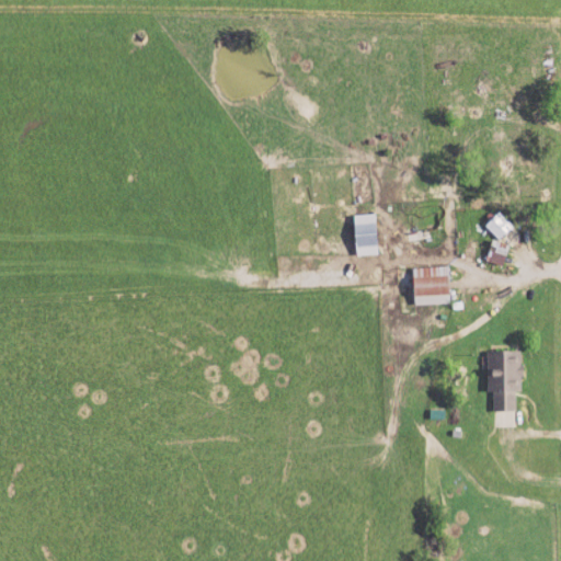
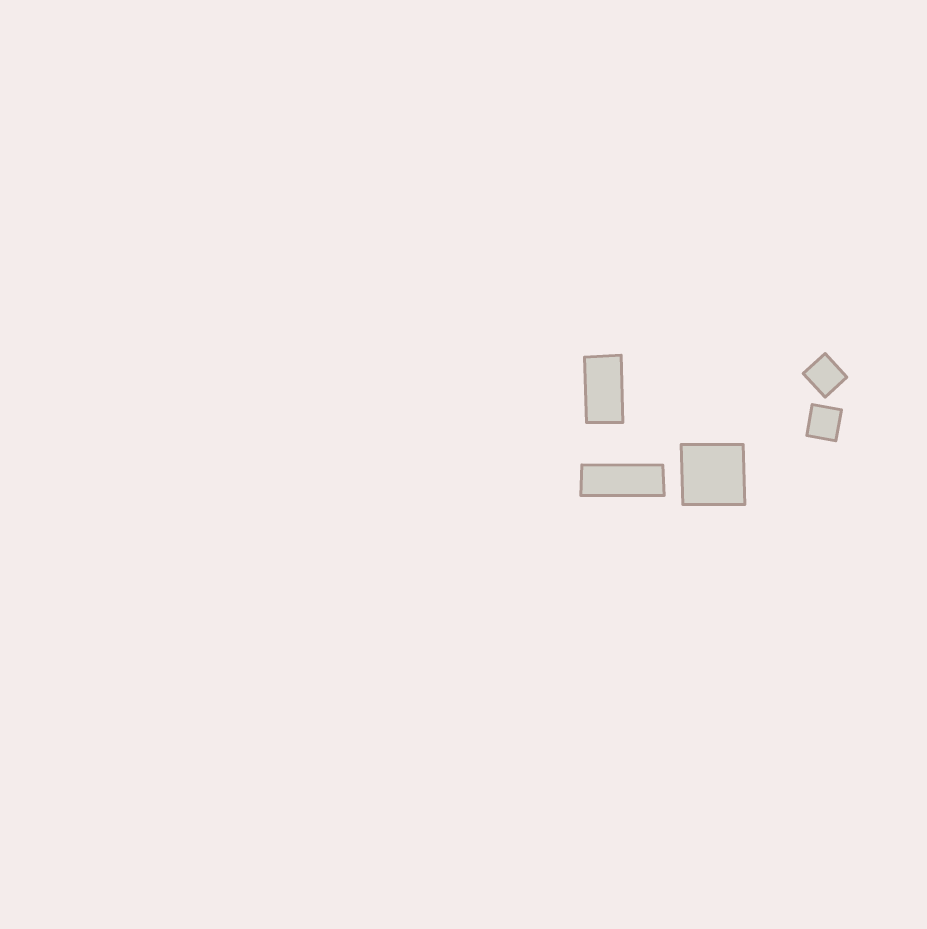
building: none -> [581,465,664,496]
building: [488,351,523,411] -> none

